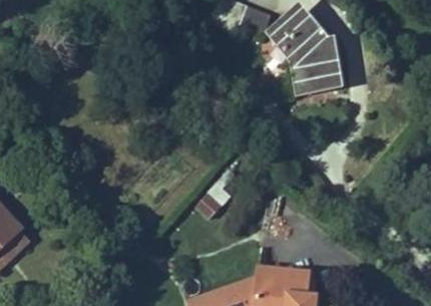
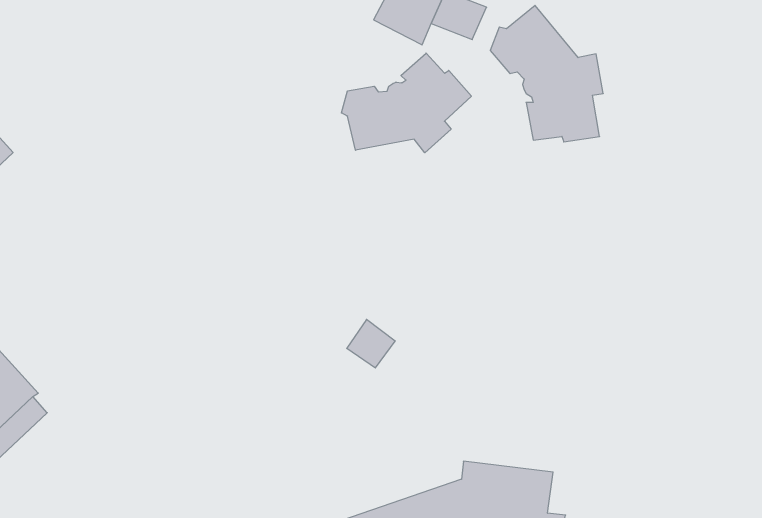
building: none -> [341,53,471,153]

